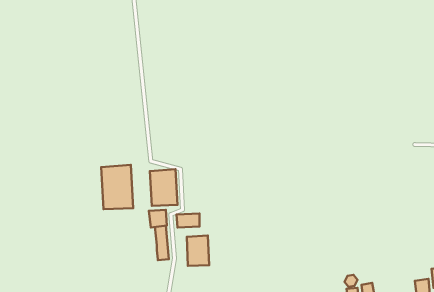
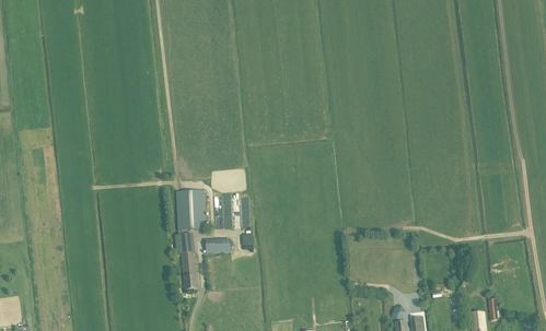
building: [101,165,133,209] -> none
building: [187,236,209,266] -> none

